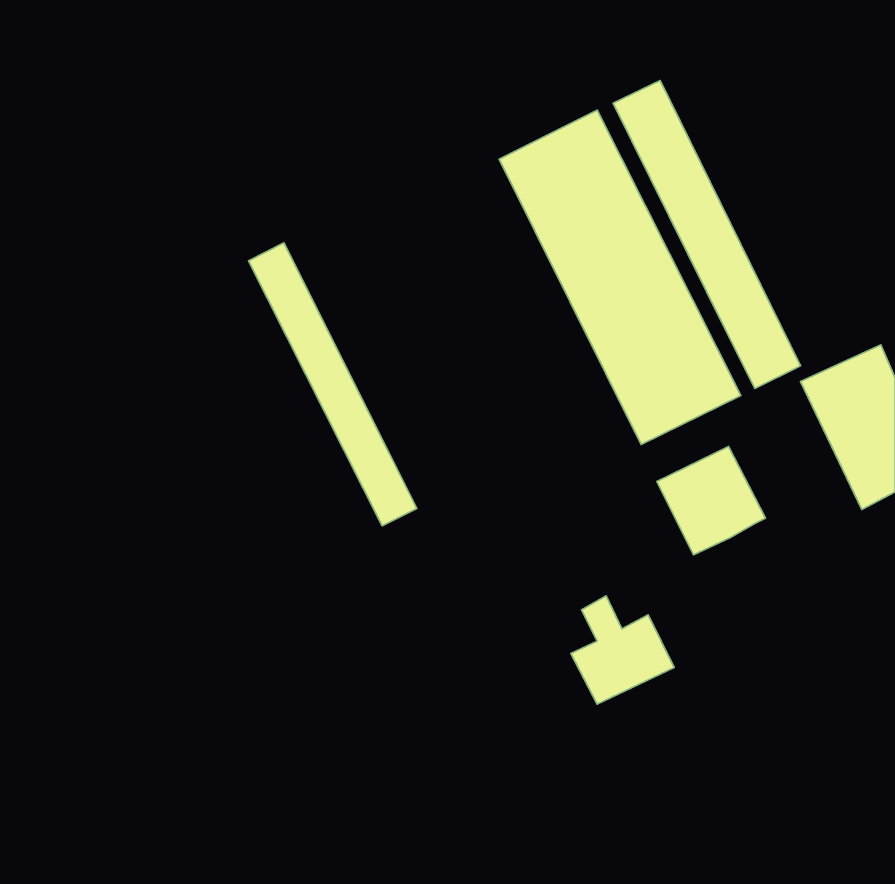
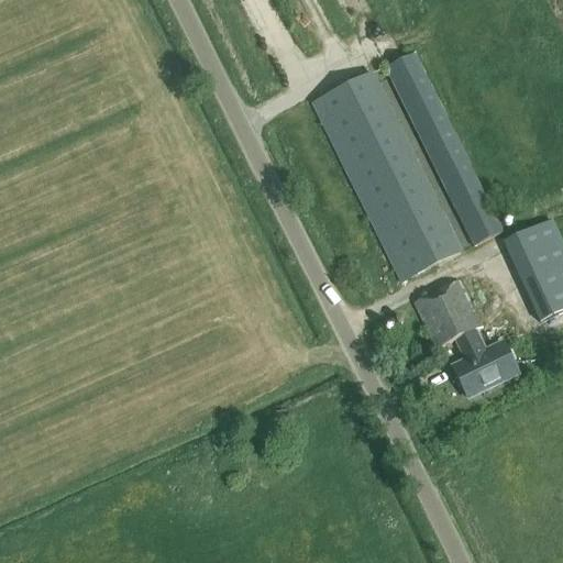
building: [249,243,417,526] -> none
building: [571,596,674,704] -> [452,329,517,397]

